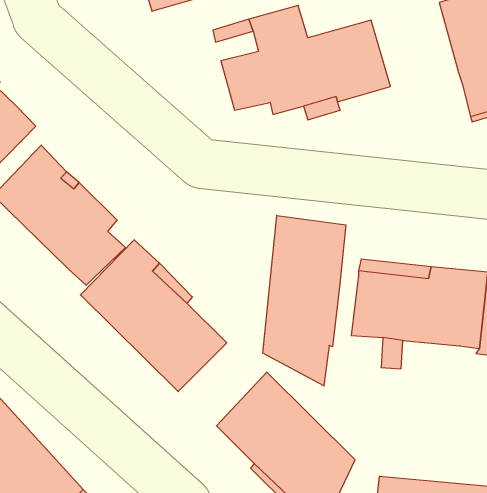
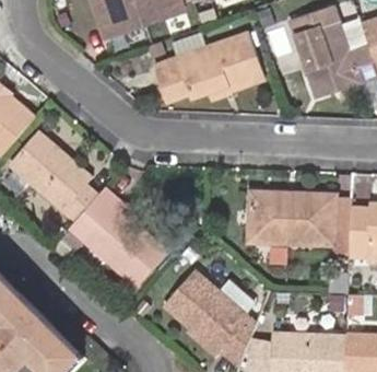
building: [263,215,346,386] -> none

